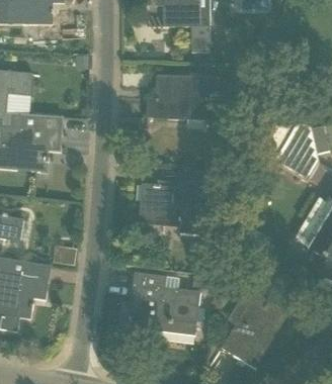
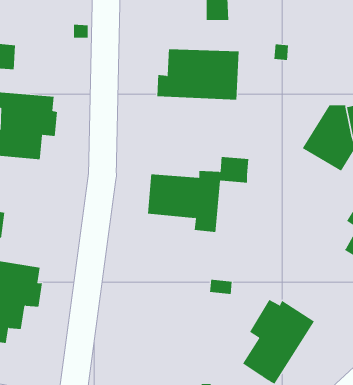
building: [128,271,199,334] -> none

